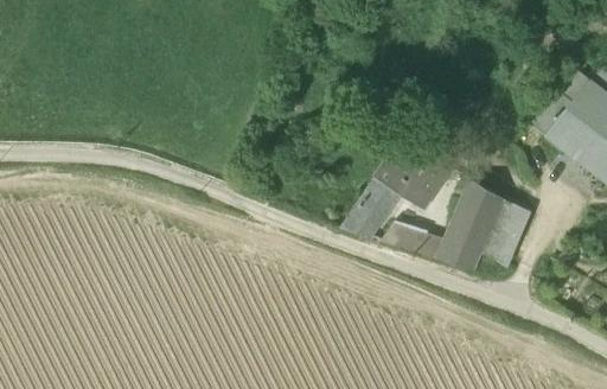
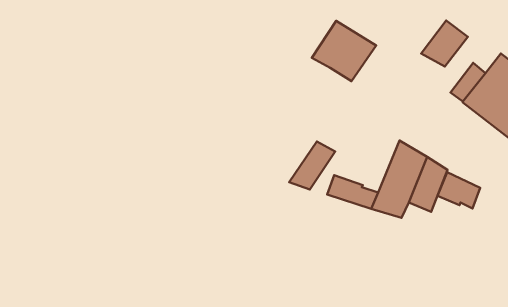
building: none -> [421,21,468,67]
building: [376,139,451,209] -> [312,21,376,81]
building: none -> [437,172,480,208]

